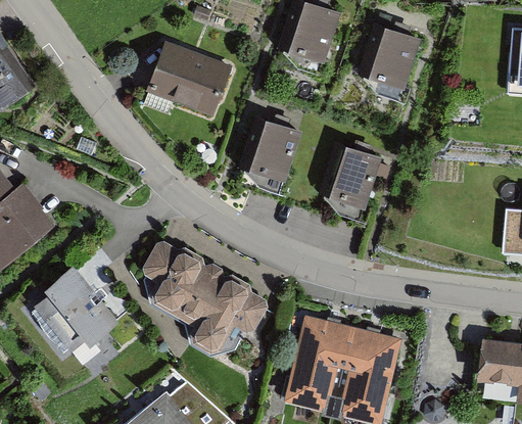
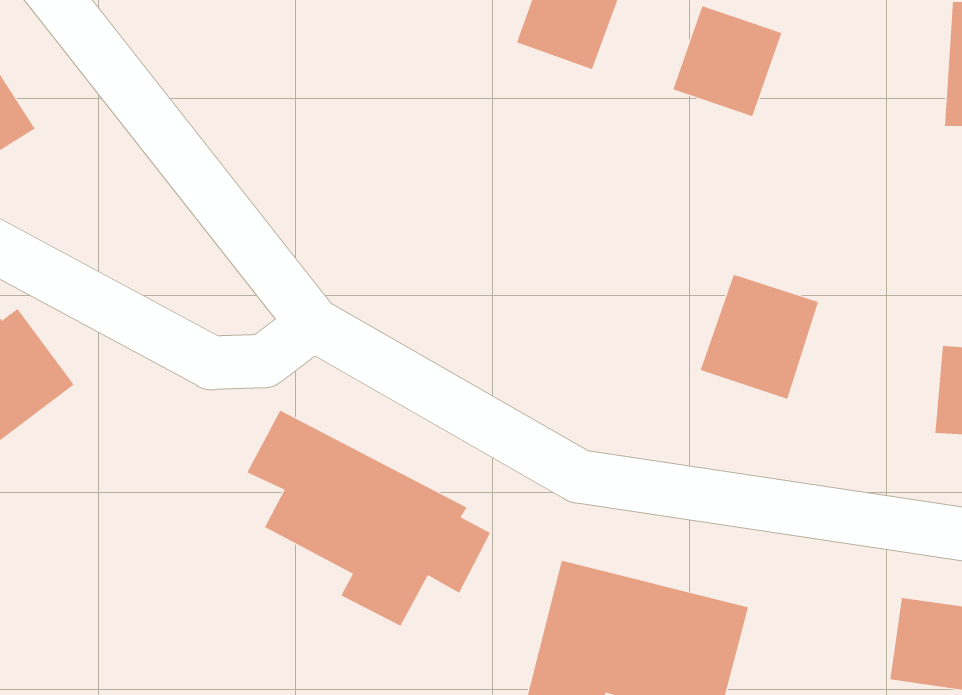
building: [145,45,233,117] -> none
building: [246,122,299,185] -> none
building: [319,140,381,205] -> [700,275,819,400]
building: [34,265,127,359] -> none

